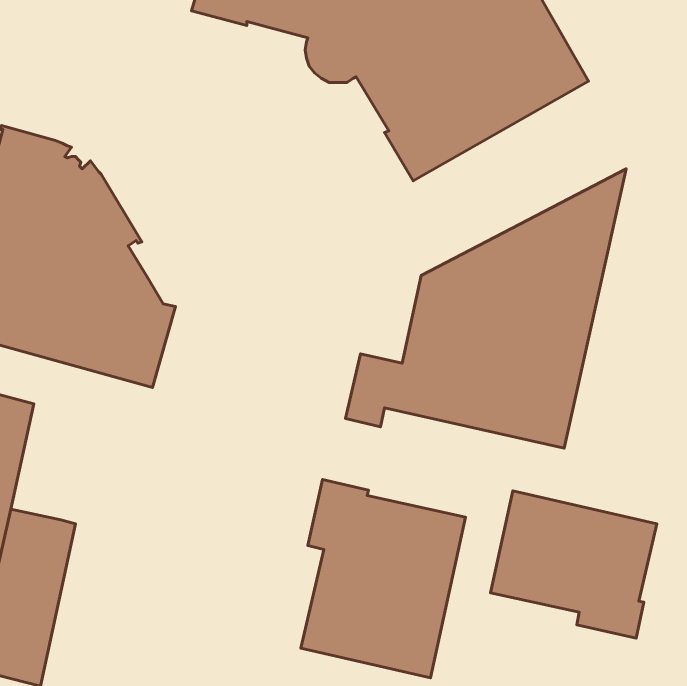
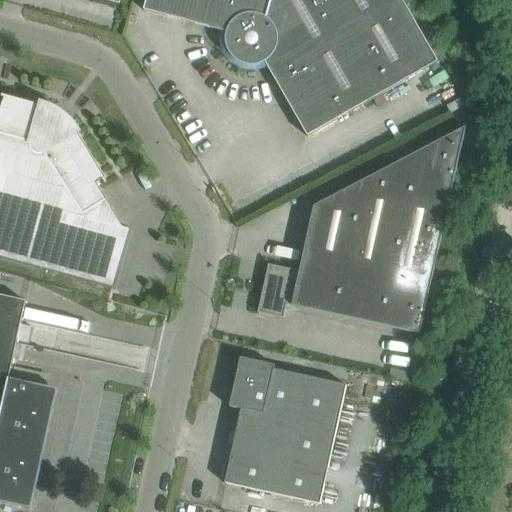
building: [490,491,657,638] -> none

